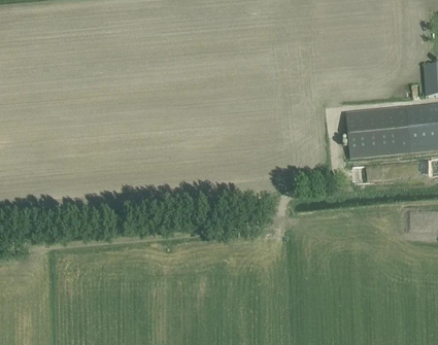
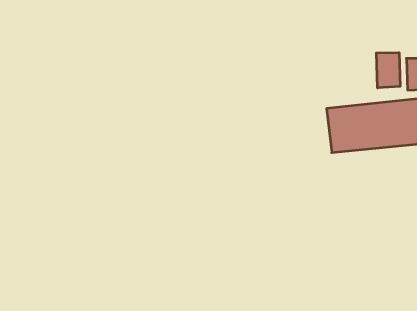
building: none -> [376,53,400,88]

